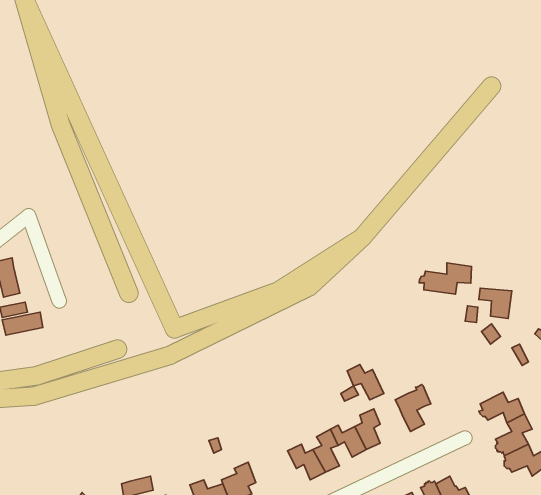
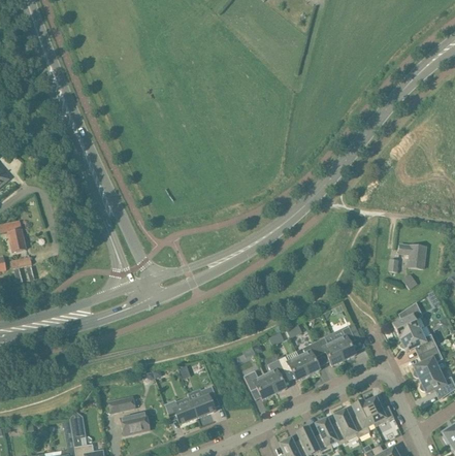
building: [419,263,472,294] -> none
building: none -> [392,301,423,337]
building: [347,364,384,400] -> [314,336,344,365]

